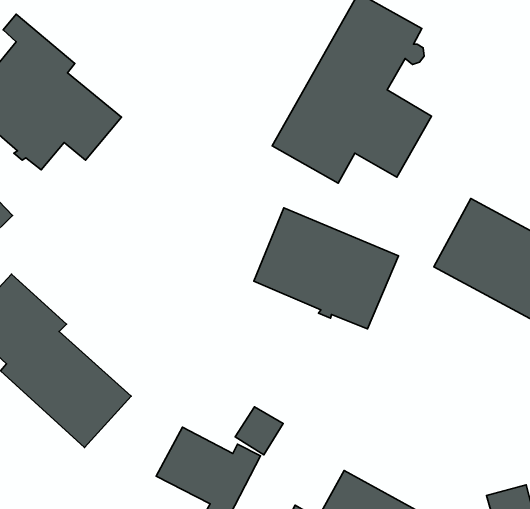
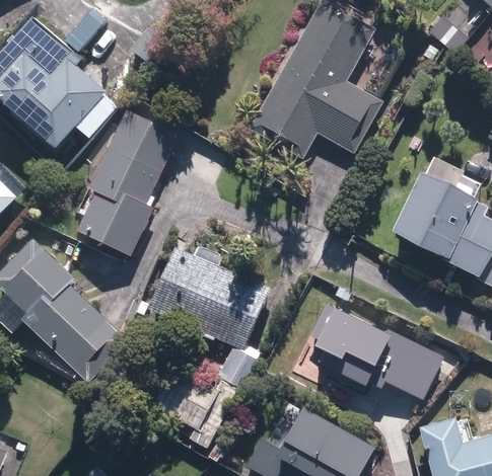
building: none -> [74,110,179,256]
building: [254,208,399,329] -> [146,247,269,349]
building: none -> [321,299,448,395]

